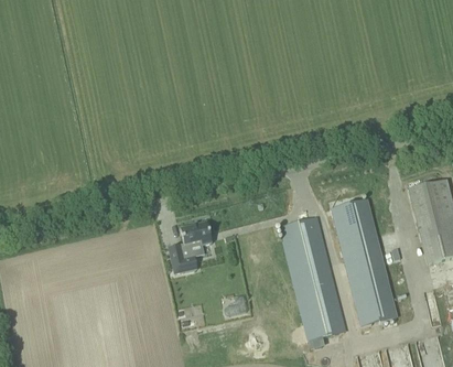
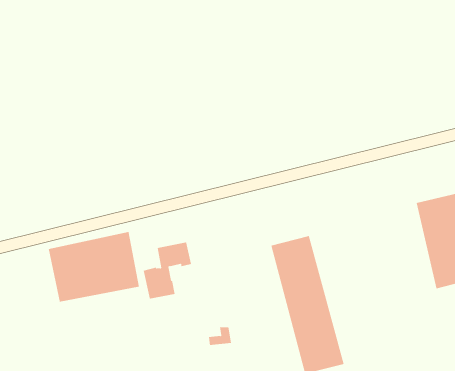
building: [332,199,398,326] -> none
building: none -> [48,231,140,302]

